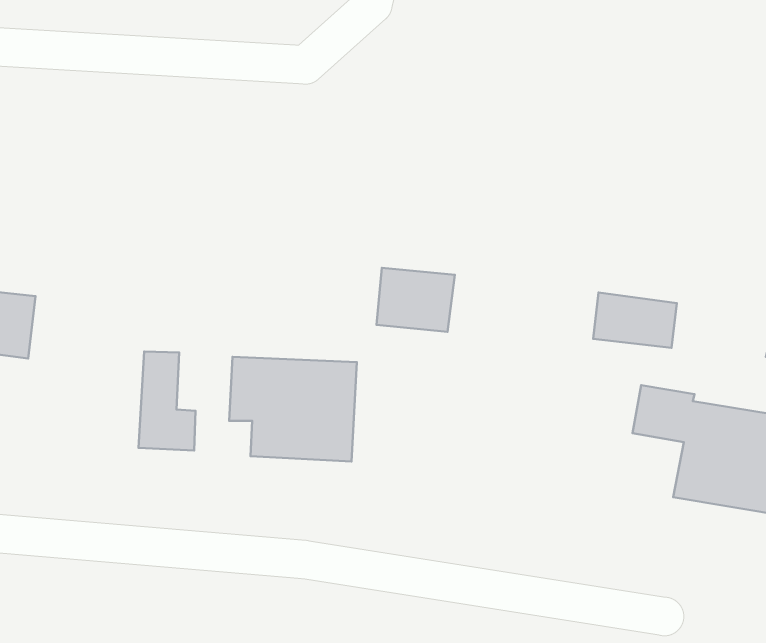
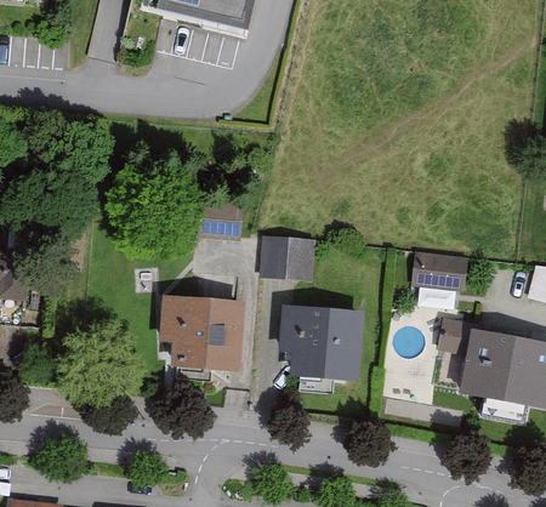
building: [138,351,196,451] -> none
building: none -> [278,303,359,375]

